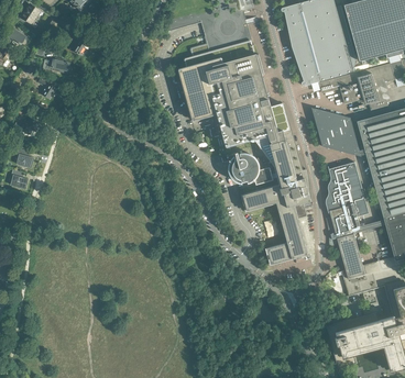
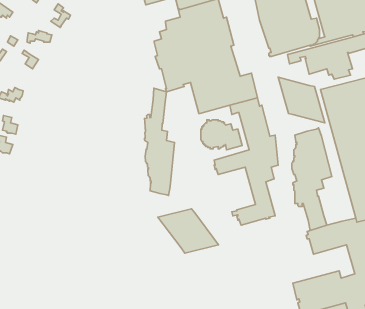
building: none -> [145,88,175,196]
building: none -> [158,209,219,253]

